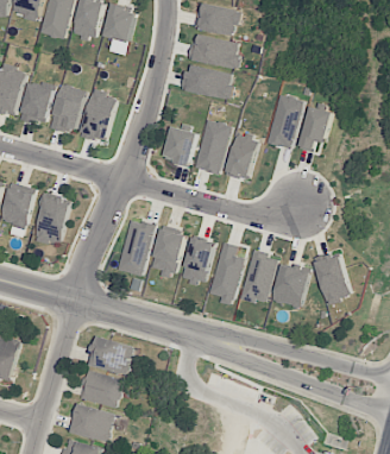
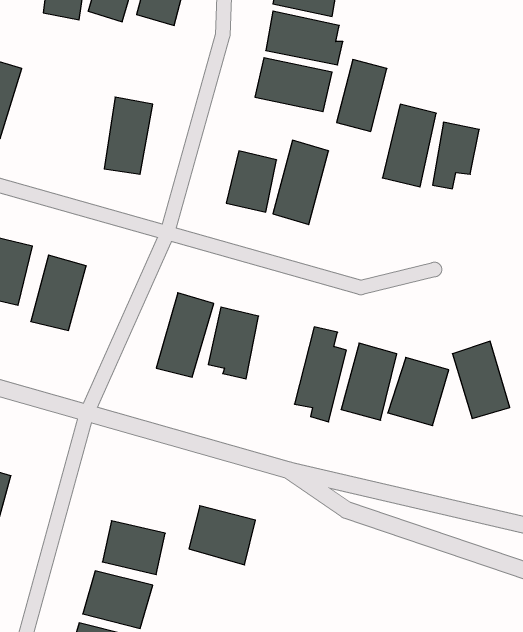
building: [20,83,52,125] -> none
building: [50,84,86,133] -> none
building: [225,133,258,181] -> [337,60,387,131]
building: [183,238,213,283] -> none
building: [89,336,133,376] -> [189,506,255,565]

